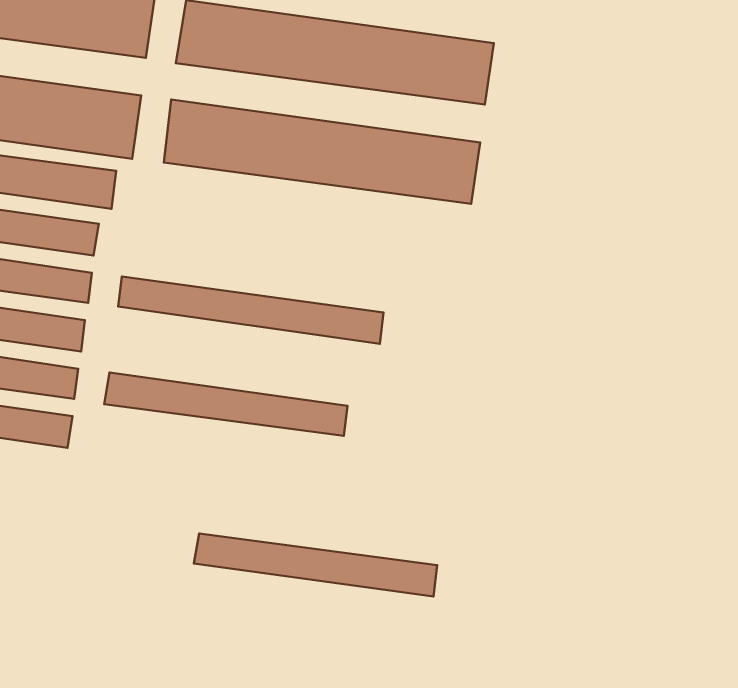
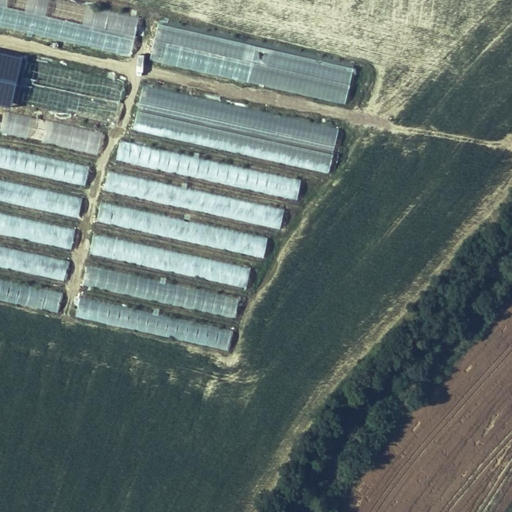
building: none -> [116,141,300,201]
building: none -> [104,170,284,229]
building: none -> [90,232,246,285]
building: [194,533,437,597] -> [76,293,232,346]

